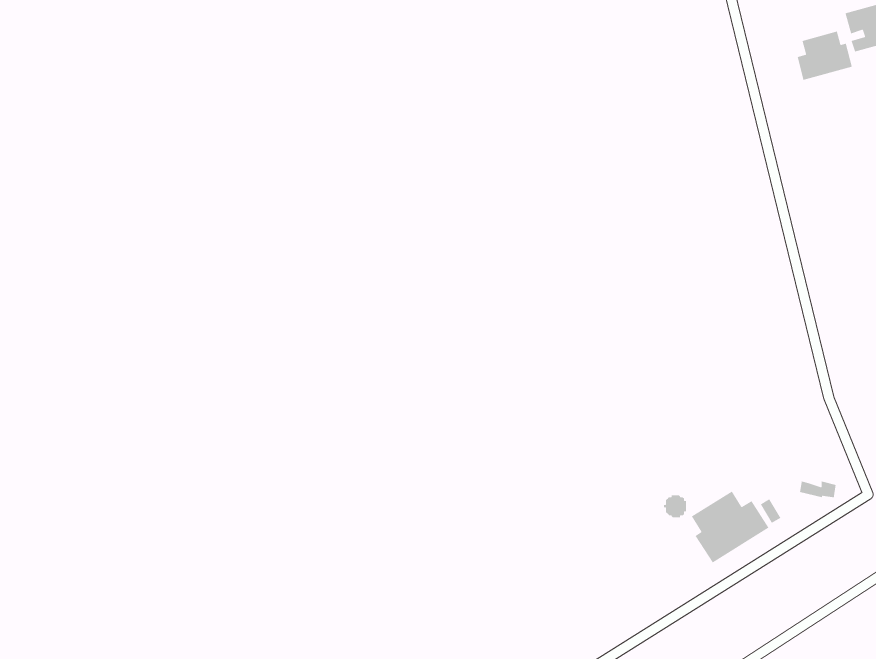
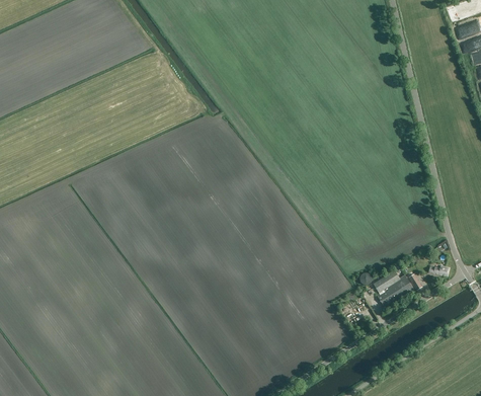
building: [797,31,853,81] -> none

